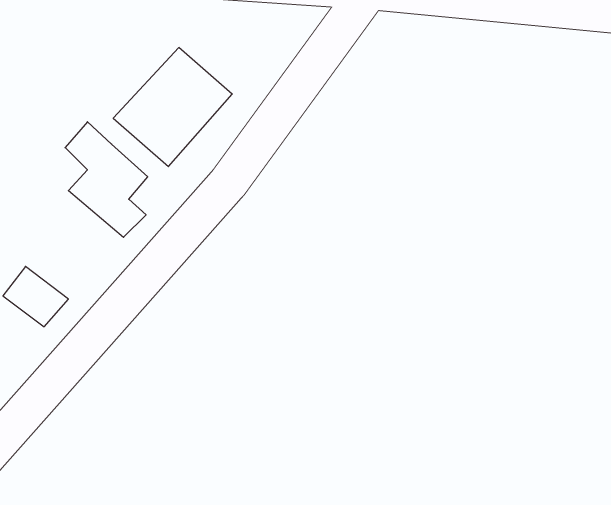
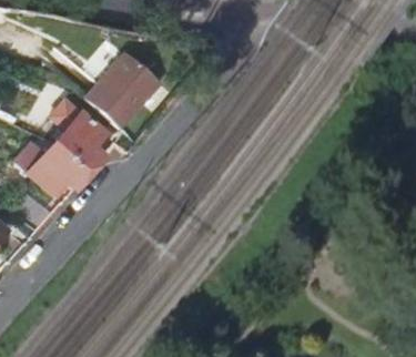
building: none -> [26,145,88,195]

